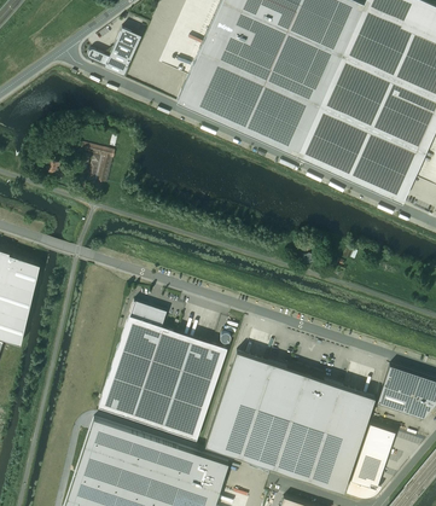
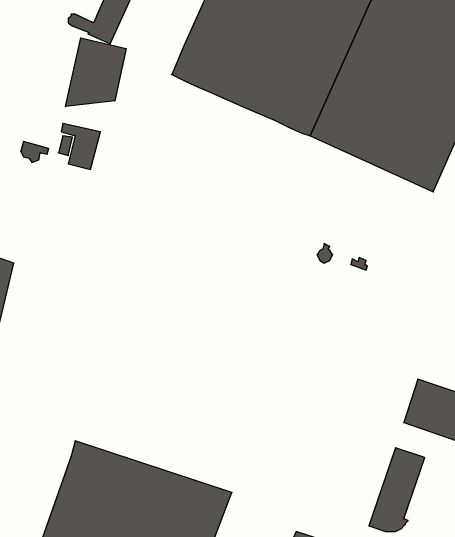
building: none -> [66,38,126,107]
building: [98,302,227,441] -> none
building: [204,353,374,493] -> none

